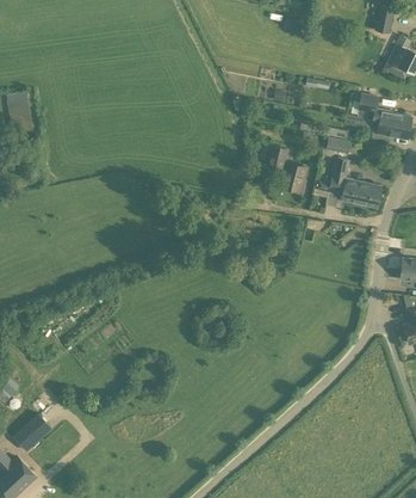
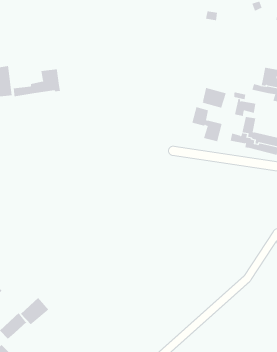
building: none -> [13,68,60,97]
building: none -> [202,87,226,108]
building: none -> [20,297,49,325]

